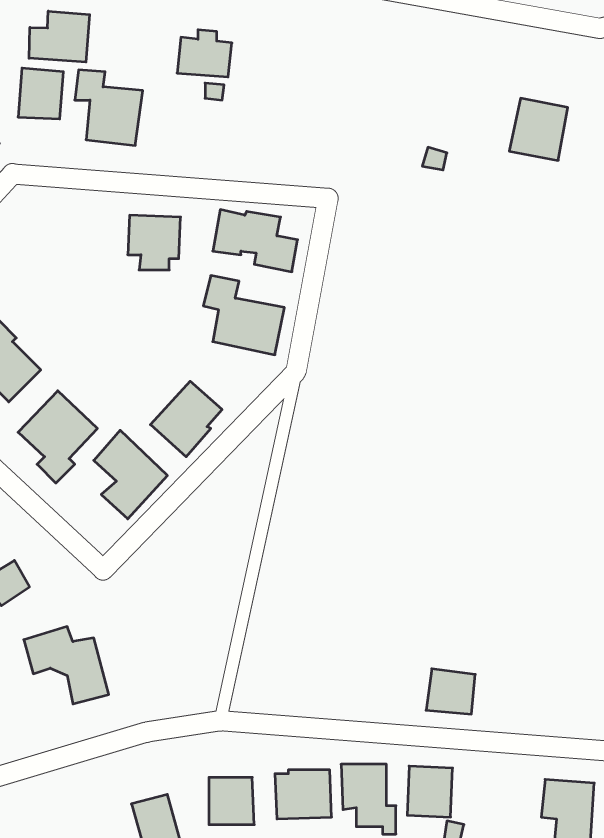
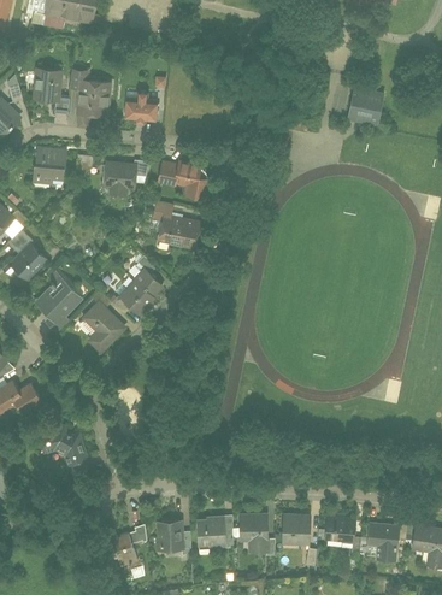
building: [29,11,90,62] -> none
building: [177,30,232,77] -> [123,92,158,122]
building: none -> [31,146,65,183]
building: [426,669,475,714] -> [323,514,354,543]

